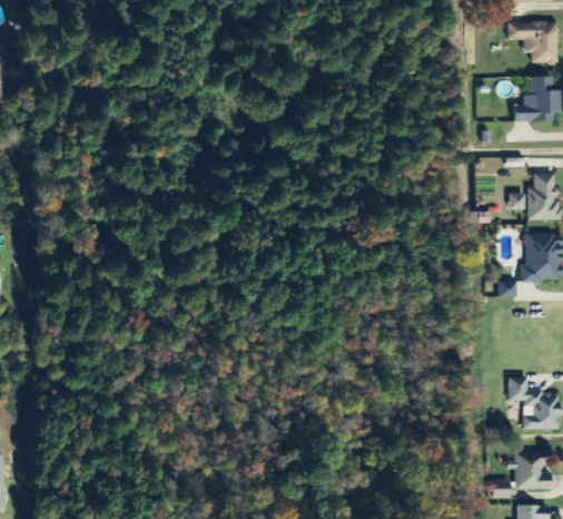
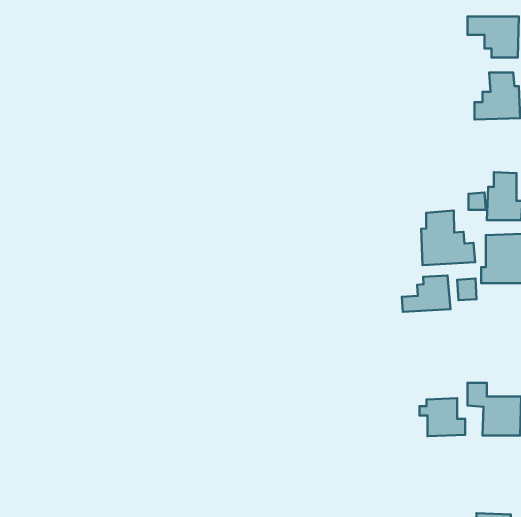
building: none -> [421,211,475,265]
building: none -> [402,275,451,312]
building: [505,452,550,489] -> [420,398,465,436]

